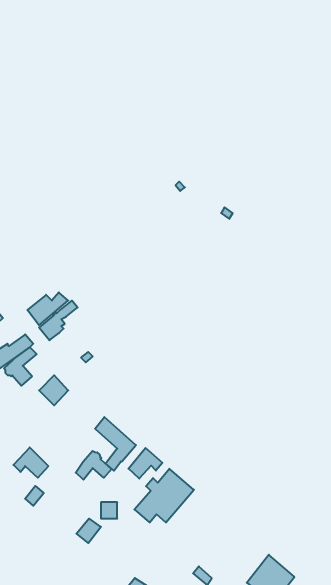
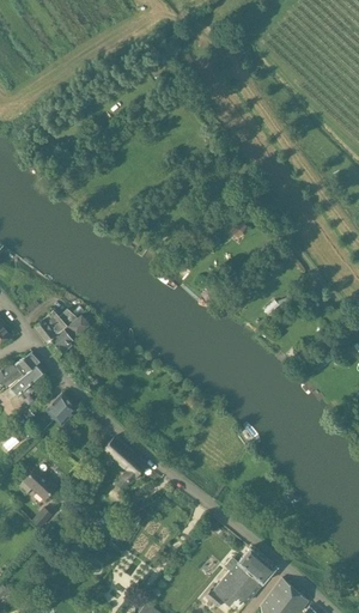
building: [128,448,162,479] -> none
building: [76,451,112,480] -> none
building: [134,469,194,522] -> [213,548,274,603]

